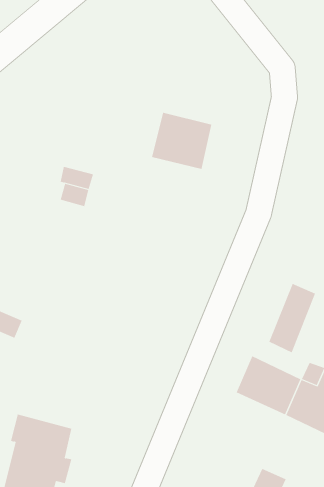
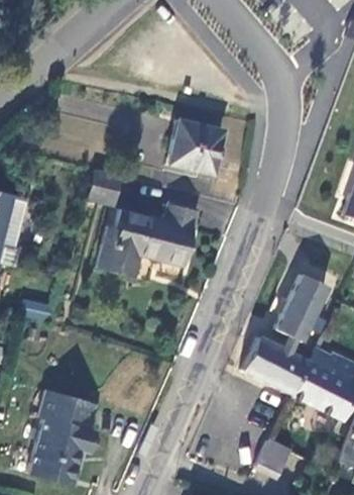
building: none -> [99,204,198,275]

